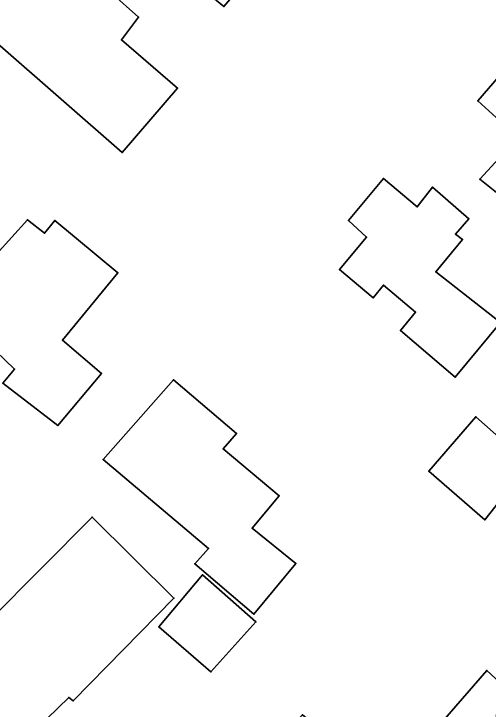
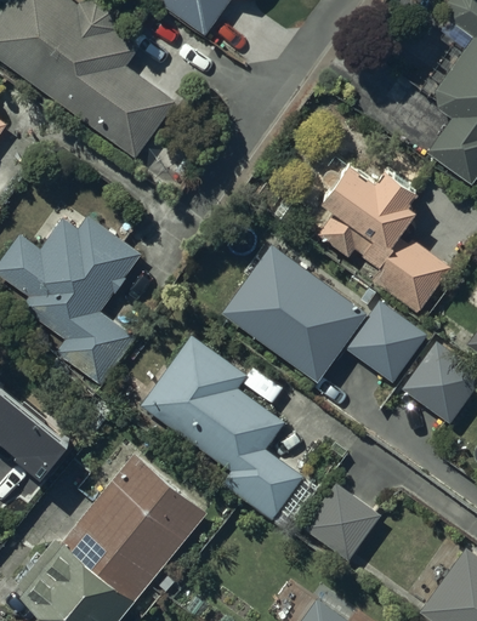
building: none -> [223,247,367,383]
building: none -> [347,304,428,387]
building: [159,575,256,672] -> [302,482,380,559]

